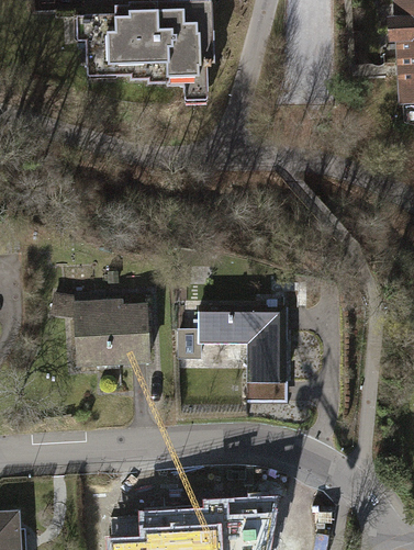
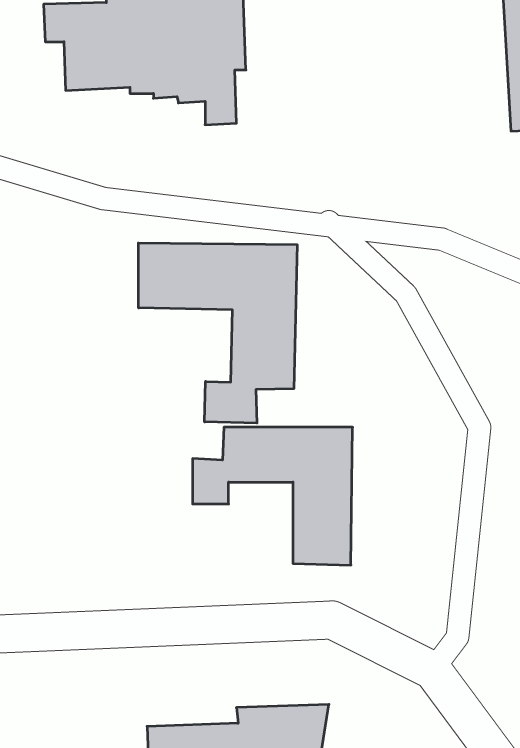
building: none -> [138,243,297,423]
building: [51,293,150,369] -> none

